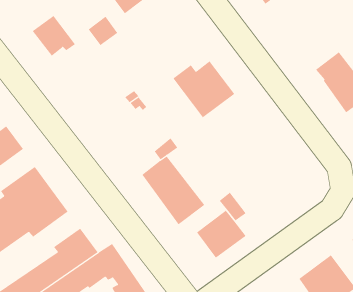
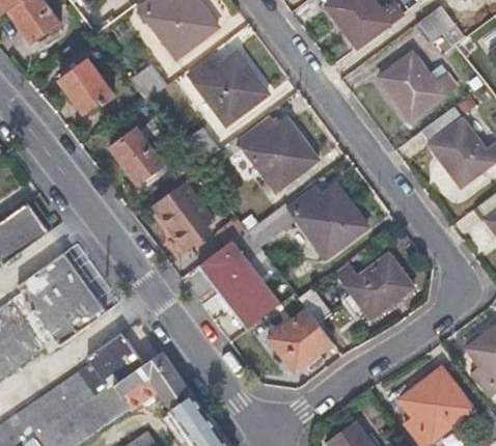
building: none -> [190,52,268,124]
building: none -> [379,52,456,118]
building: none -> [111,128,170,185]
building: none -> [156,185,213,248]
building: none -> [287,186,367,258]
building: none -> [337,254,413,319]

